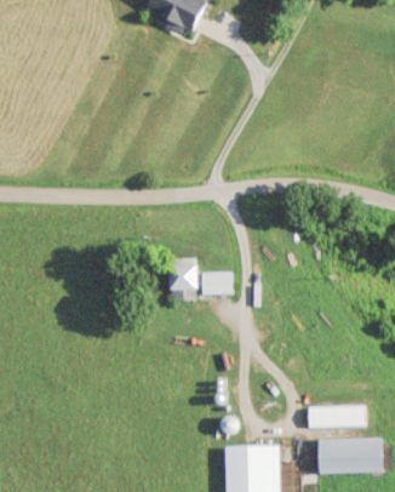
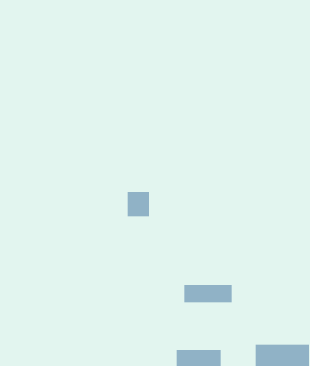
building: [201,271,231,294] -> none
building: [308,406,365,428] -> [184,284,232,303]

